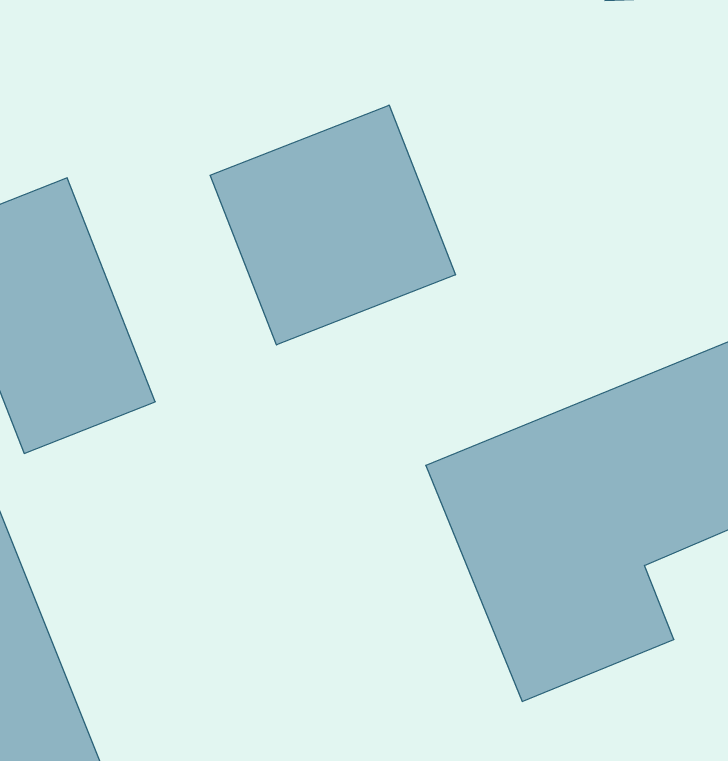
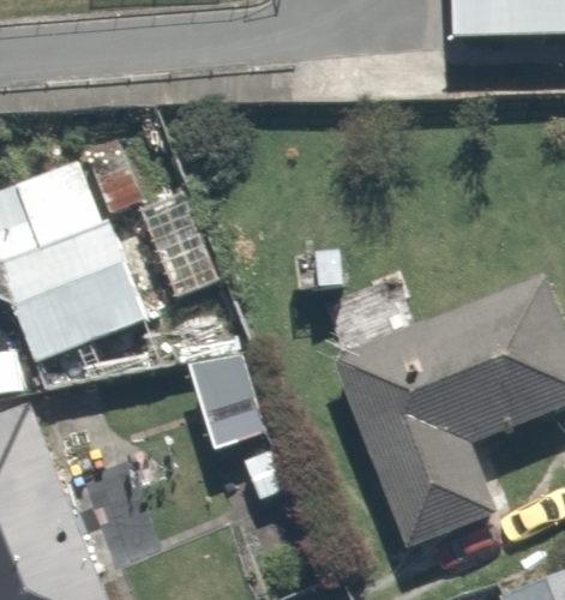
building: [210,105,455,345] -> none

